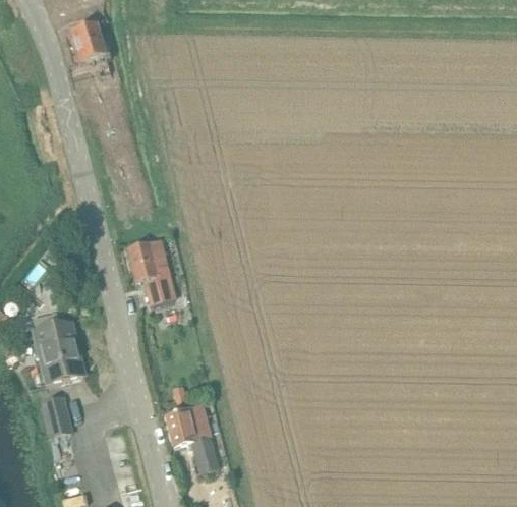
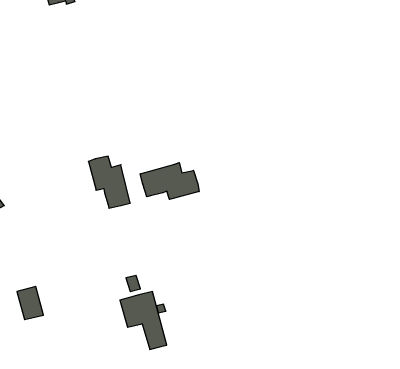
building: none -> [140,163,199,199]
building: [36,322,85,383] -> none

